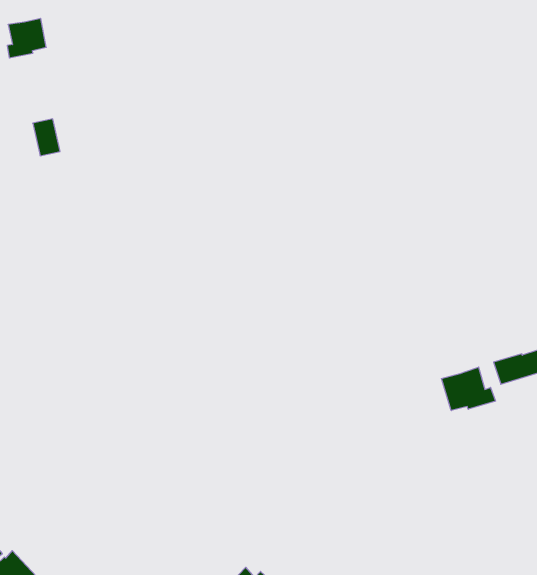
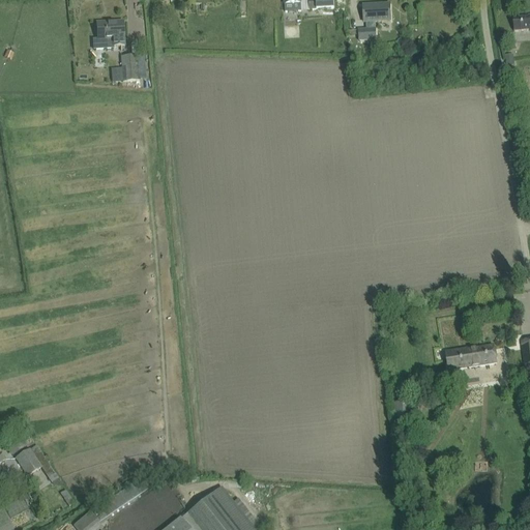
building: [33,119,60,156] -> [120,53,139,81]
building: [441,367,495,411] -> none

